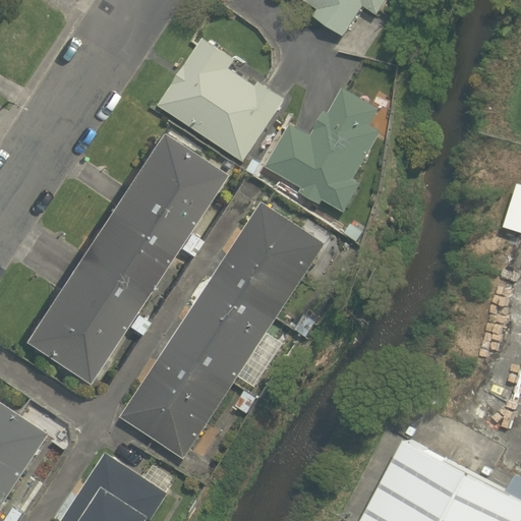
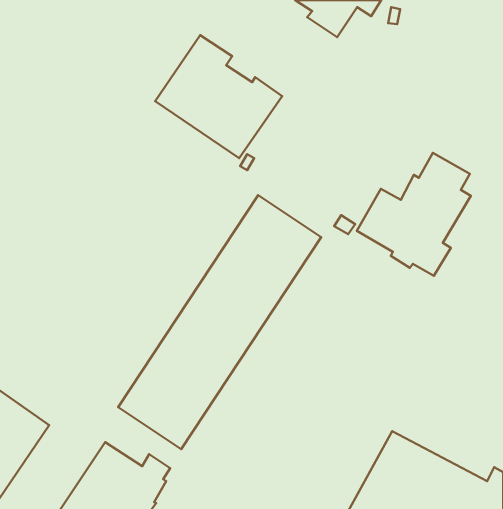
building: [266,86,382,212] -> [357,153,471,276]
building: [18,131,220,383] -> none

